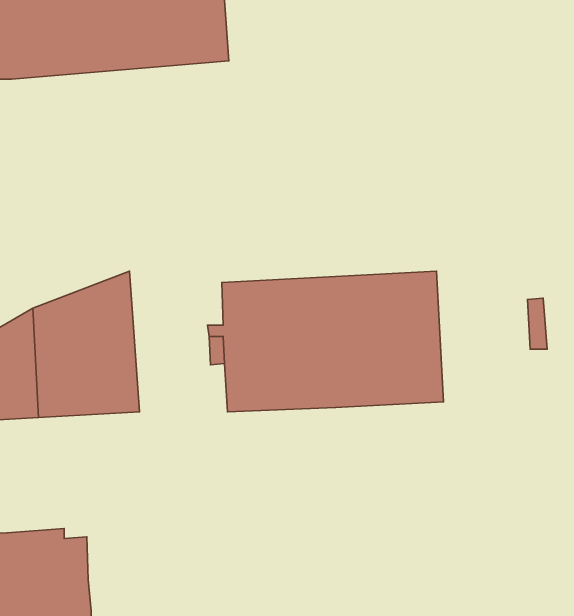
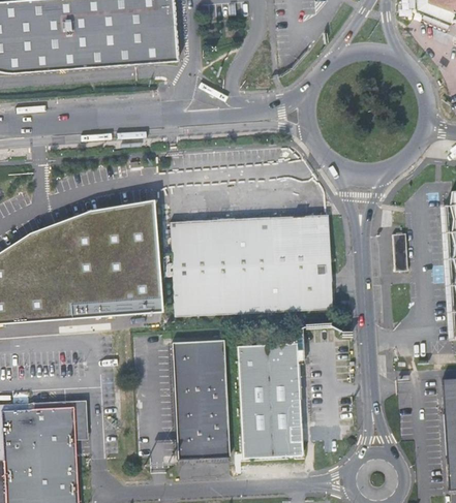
building: none -> [104,206,162,315]
building: none -> [174,338,231,458]
building: none -> [238,342,311,457]
building: none -> [57,399,89,437]

